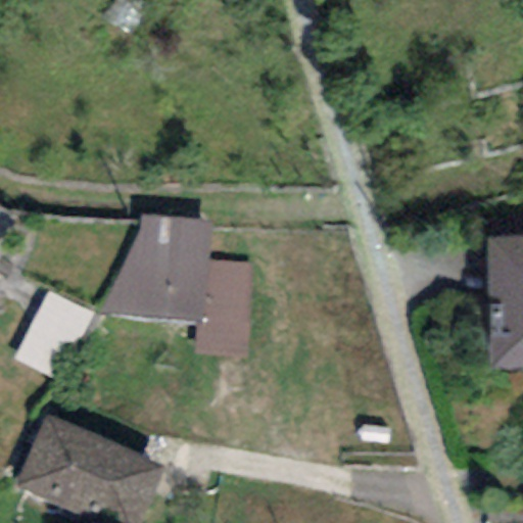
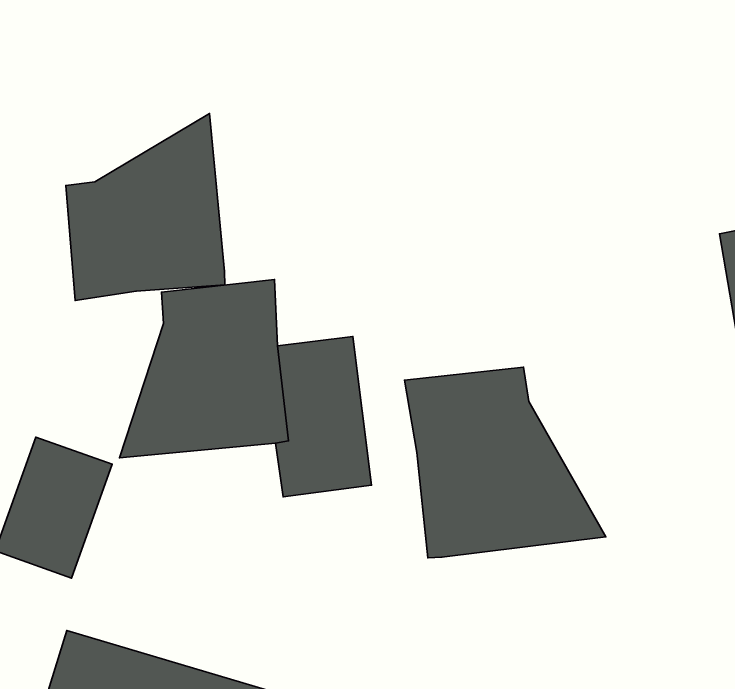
building: none -> [66,113,225,301]
building: none -> [404,367,606,558]

